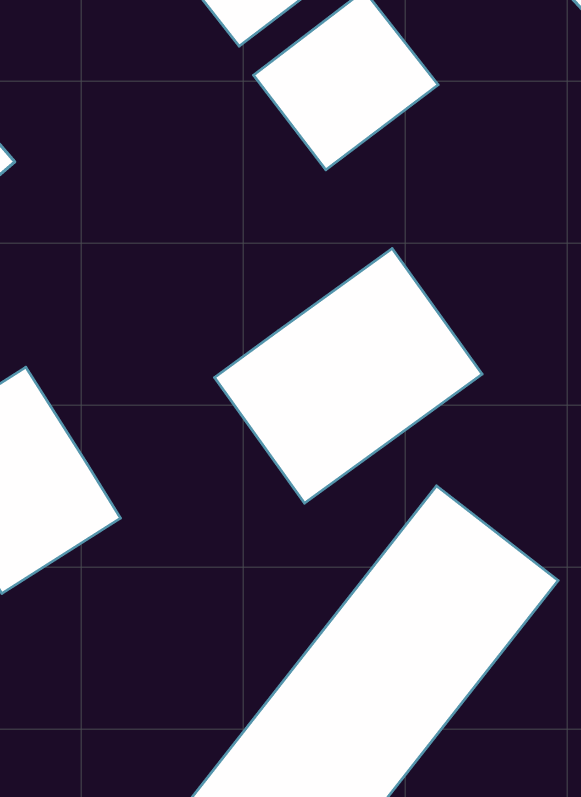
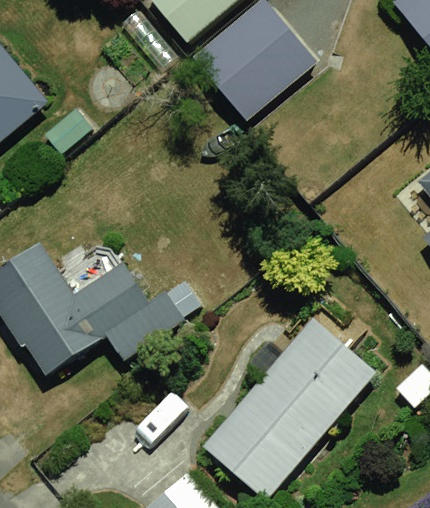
building: [214,249,482,503] -> none
building: none -> [89,269,186,363]

